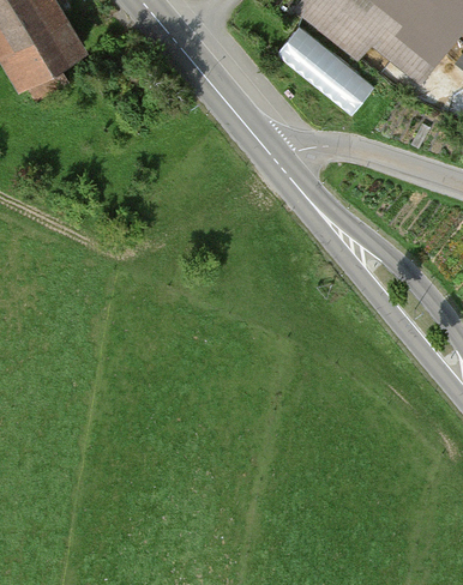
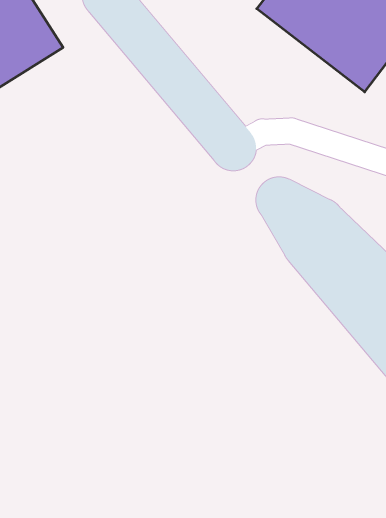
building: [272,19,372,111] -> none

